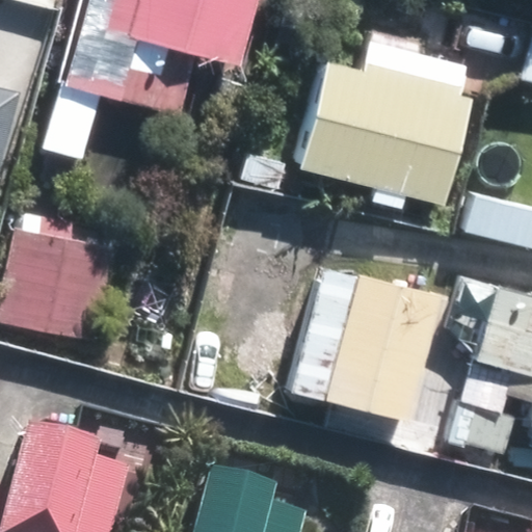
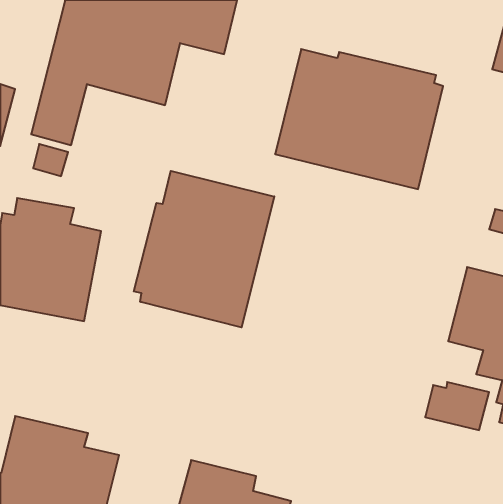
building: none -> [134,171,274,327]
building: [291,271,460,422] -> none

